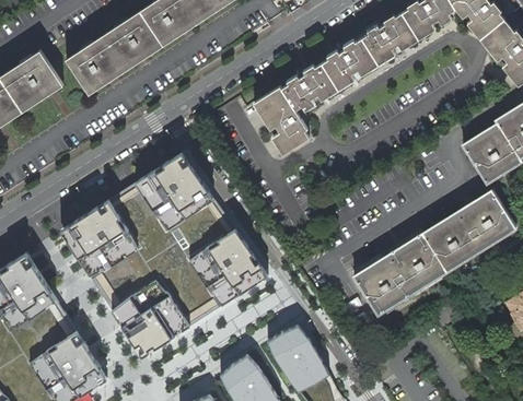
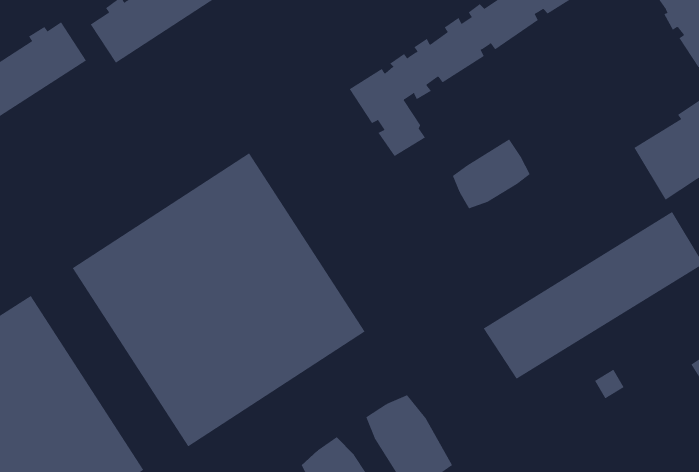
building: none -> [452,139,530,209]

